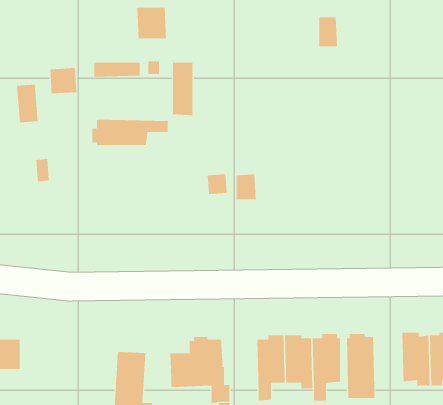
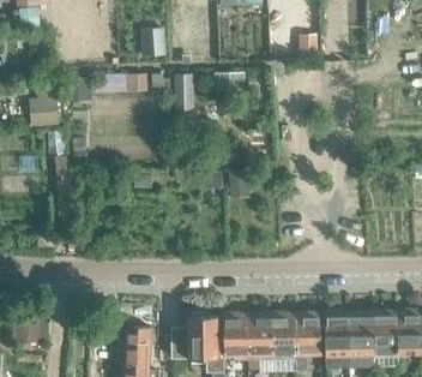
building: [92,119,168,146] -> none
building: none -> [348,310,373,367]
building: none -> [222,312,247,360]

